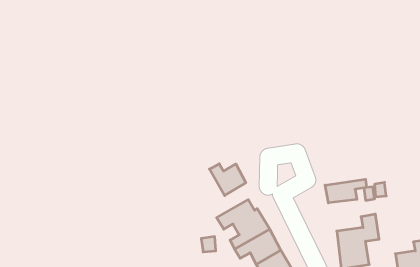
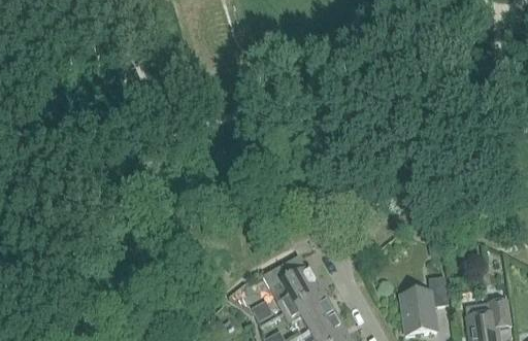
building: [209,164,246,196] -> none
building: [325,179,366,203] -> none

